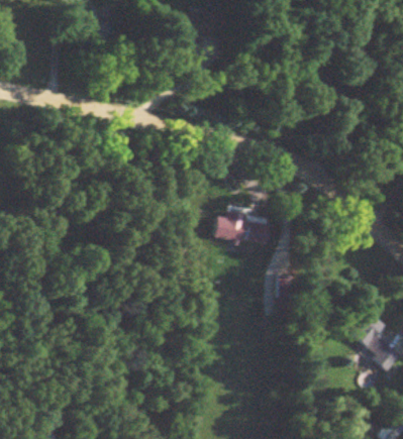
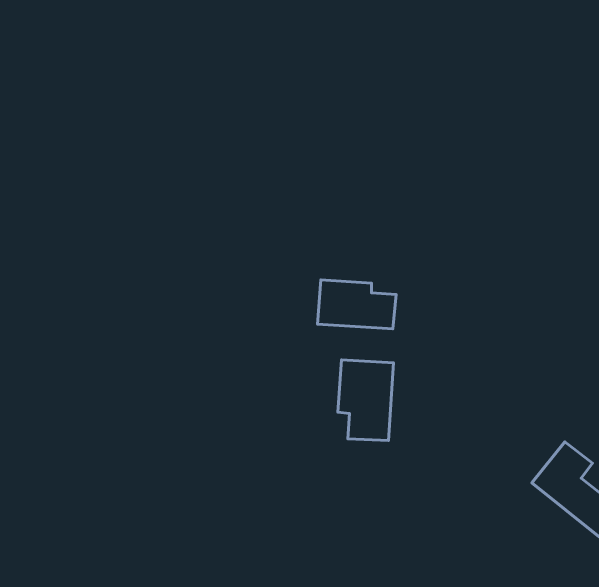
building: none -> [338,360,394,440]

